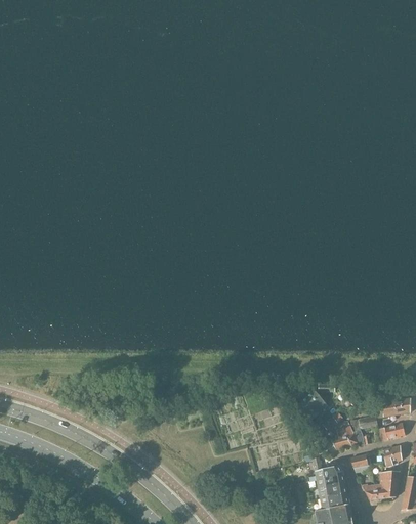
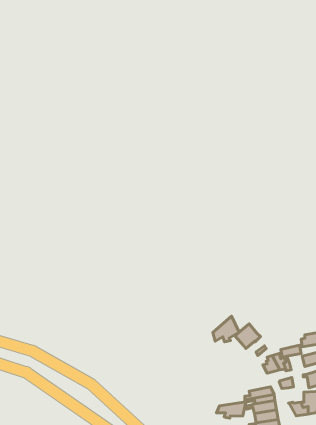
building: none -> [213,316,239,342]
building: none -> [216,402,246,418]

